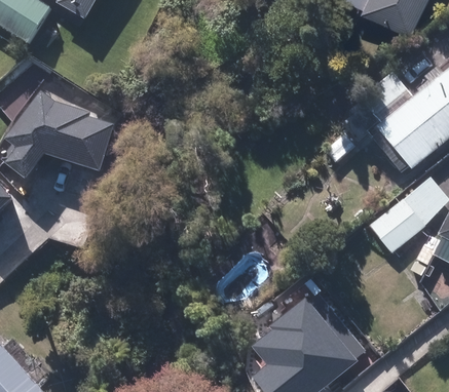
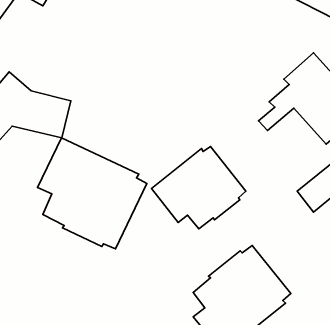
building: none -> [37,138,147,249]
building: none -> [152,146,246,229]

